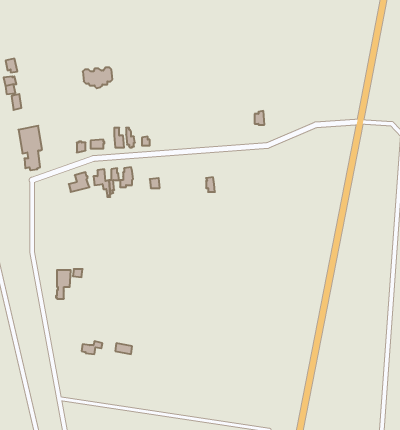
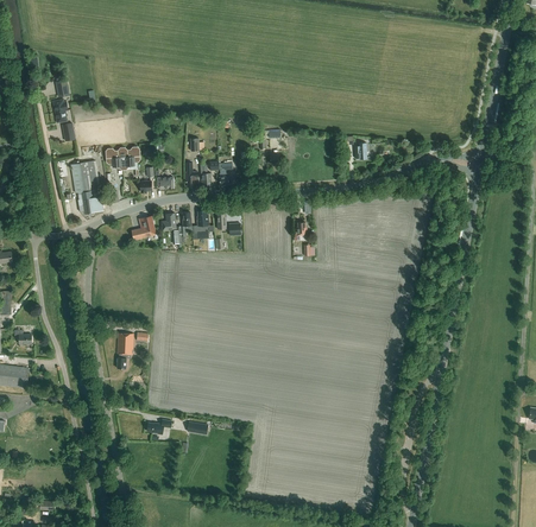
building: [83,68,112,88] -> [103,145,139,170]

